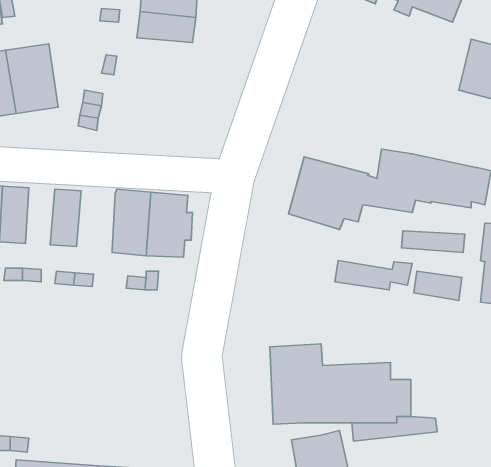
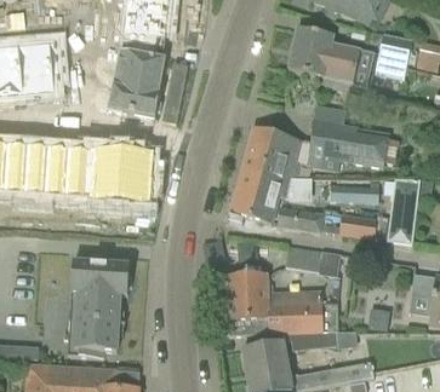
building: none -> [288,27,361,83]
building: none -> [108,51,165,117]
building: none -> [35,150,58,195]
building: none -> [75,152,105,198]
building: none -> [229,171,310,224]
building: none -> [285,244,341,276]
building: none -> [67,255,132,356]

